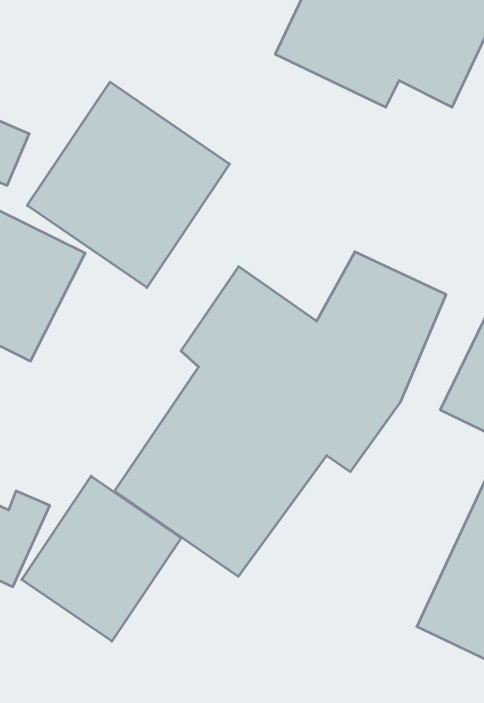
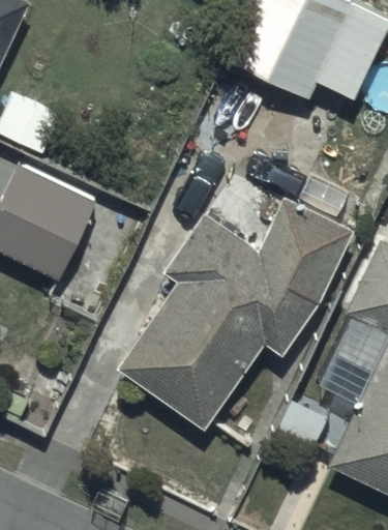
building: [27,82,230,288] -> none
building: [22,476,181,641] -> none

